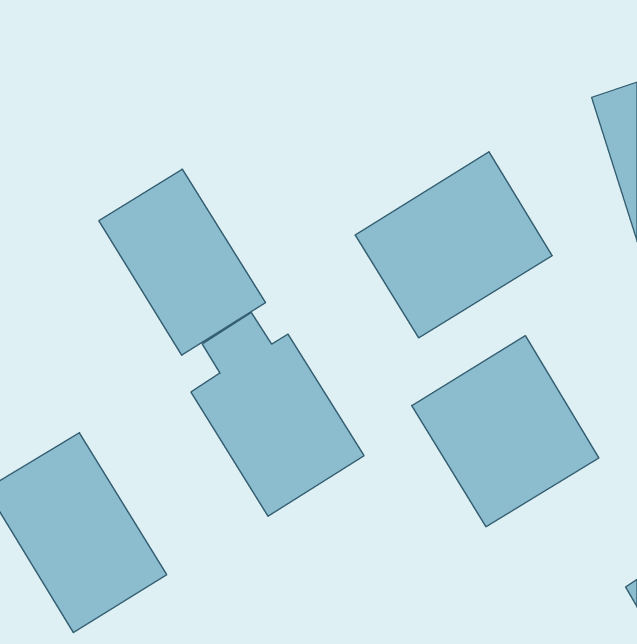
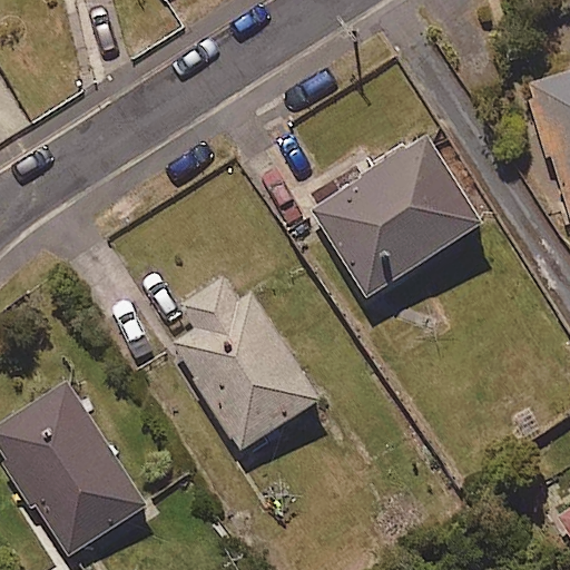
building: [99,169,265,355] -> none
building: [412,336,599,527] -> none

